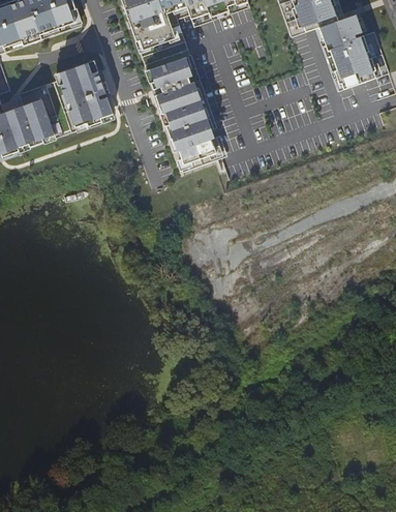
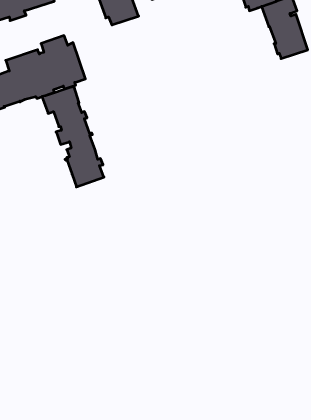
building: [141,37,213,155] -> [42,86,104,187]

